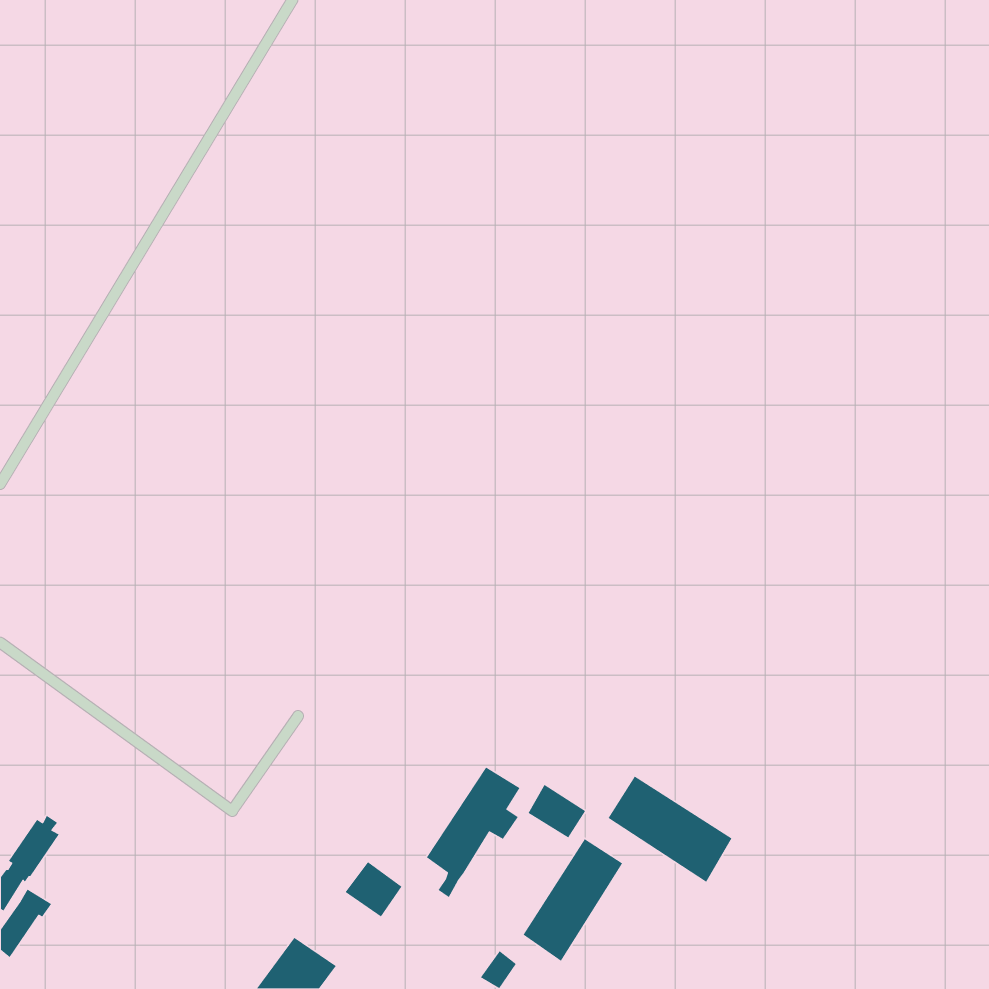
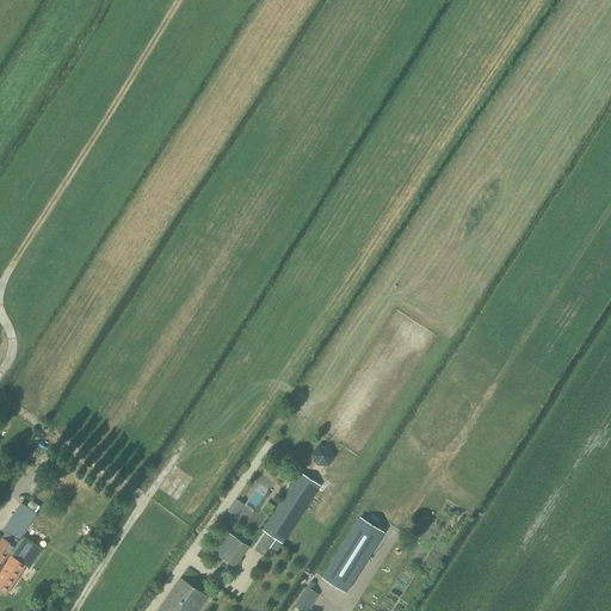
building: [608,775,733,883] -> none
building: [528,784,586,838] -> none

